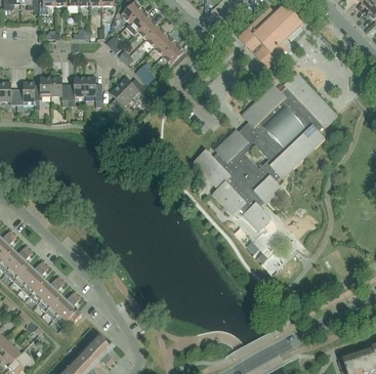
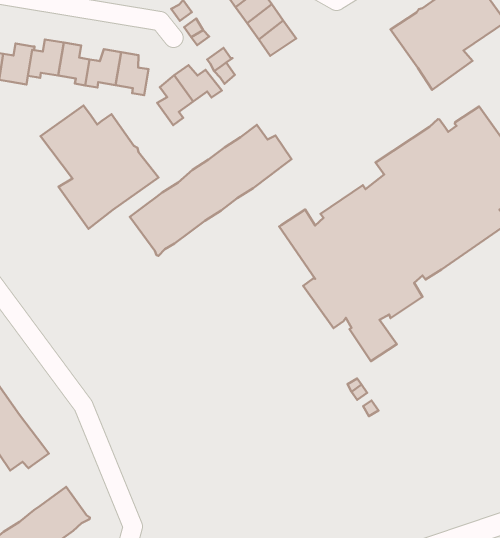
building: none -> [130,125,292,256]
building: none -> [40,105,158,229]

